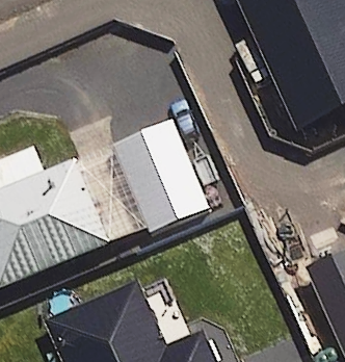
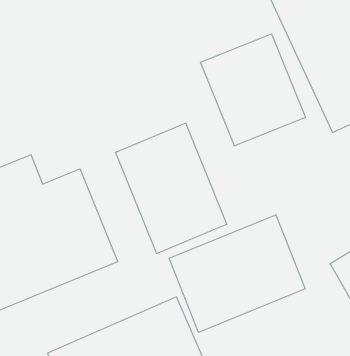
building: none -> [200,34,306,146]
building: none -> [169,215,305,332]

